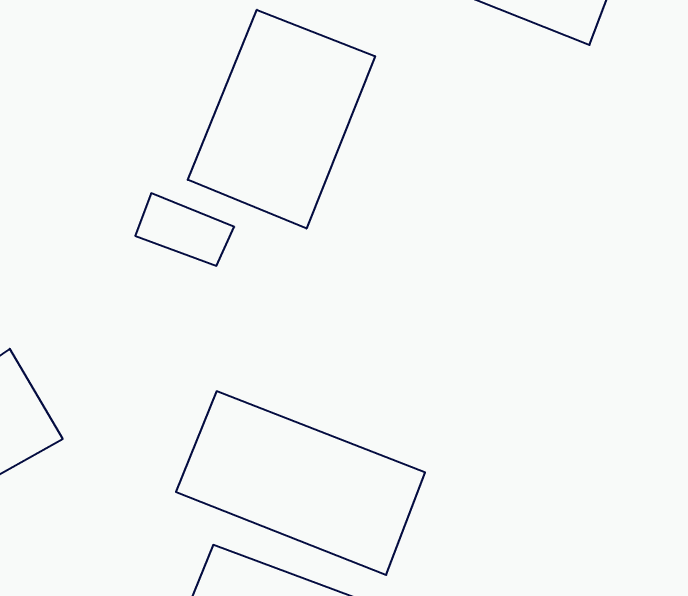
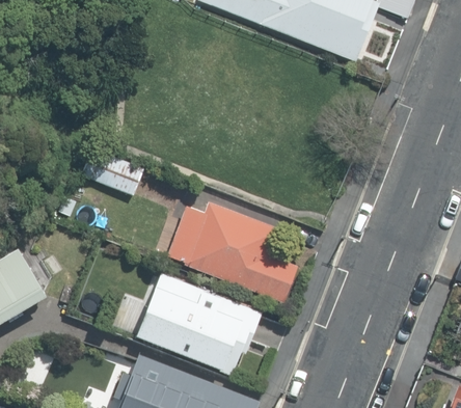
building: [188,10,375,229] -> none
building: none -> [167,203,300,301]

